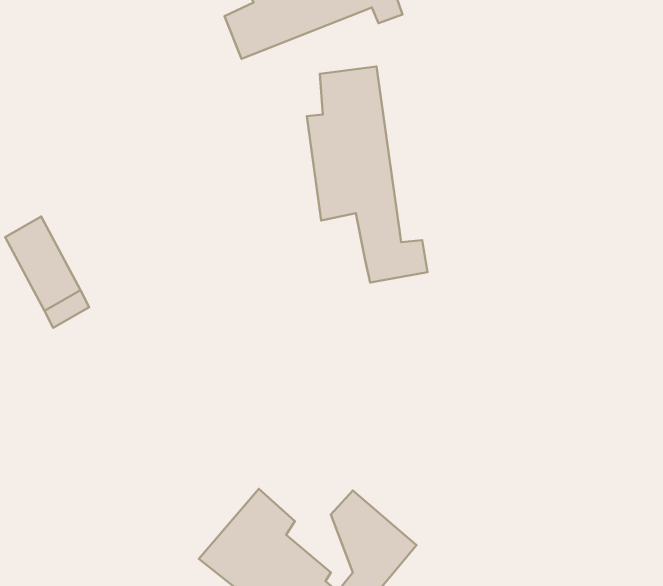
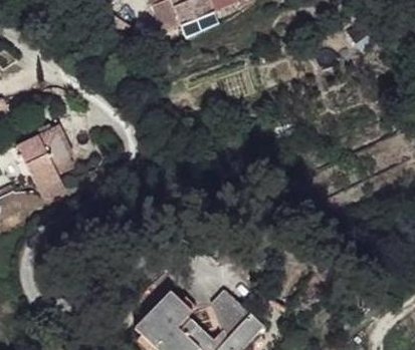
building: [307,66,428,282] -> none

